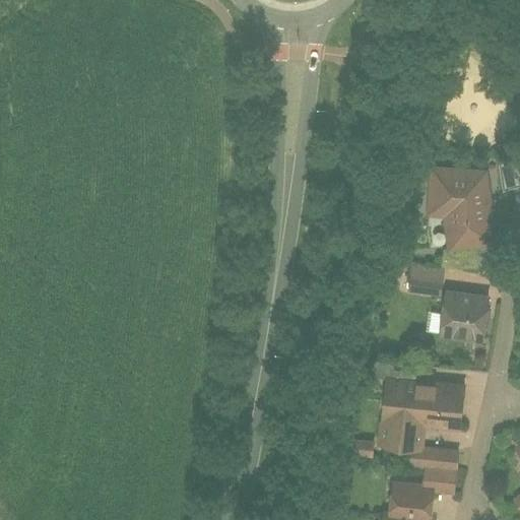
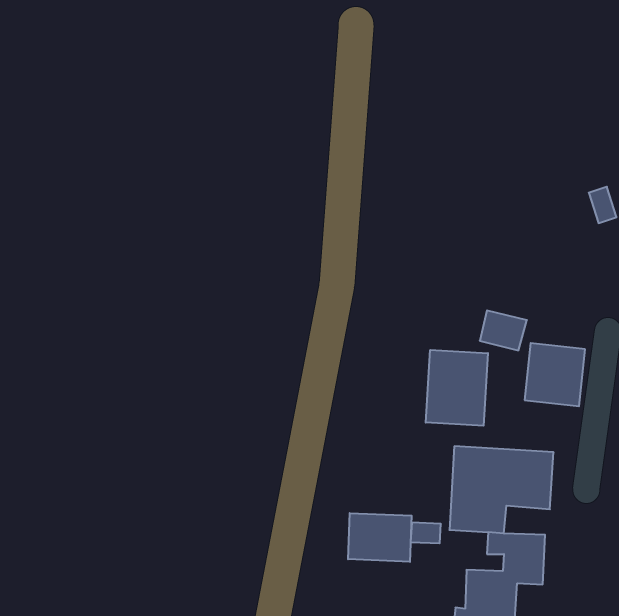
building: [429,162,497,249] -> none
building: none -> [426,350,488,426]
building: none -> [348,513,412,562]

